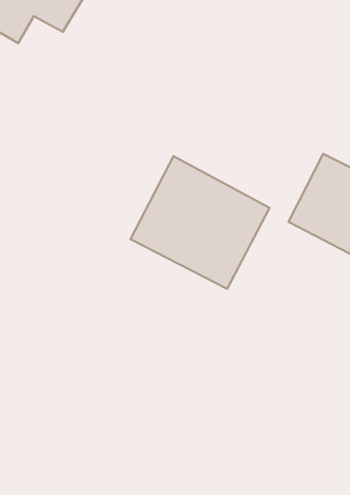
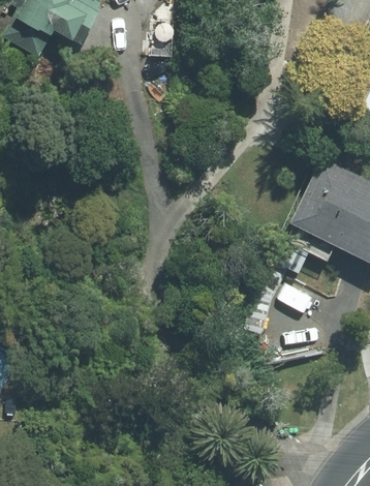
building: [131,156,270,289] -> none

